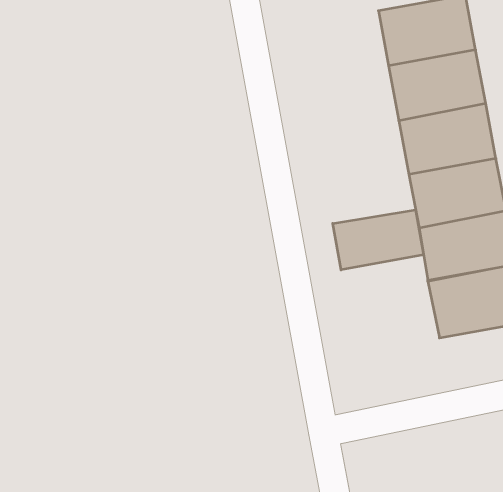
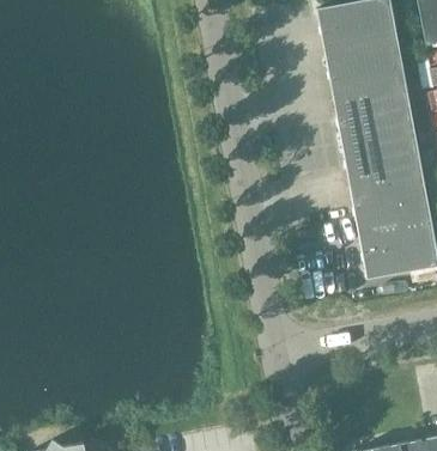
building: [333,210,424,270] -> none

